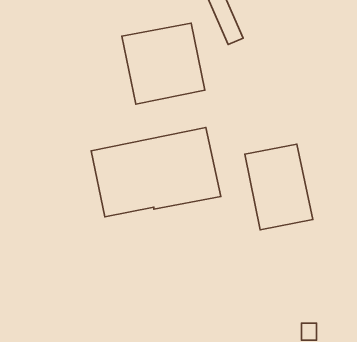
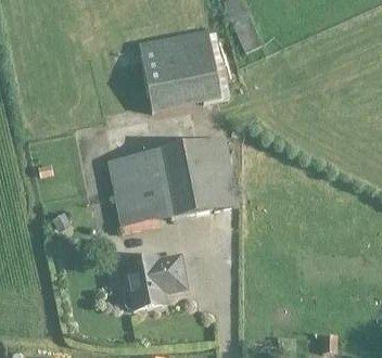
building: [245,144,313,230] -> none
building: none -> [124,254,188,309]

